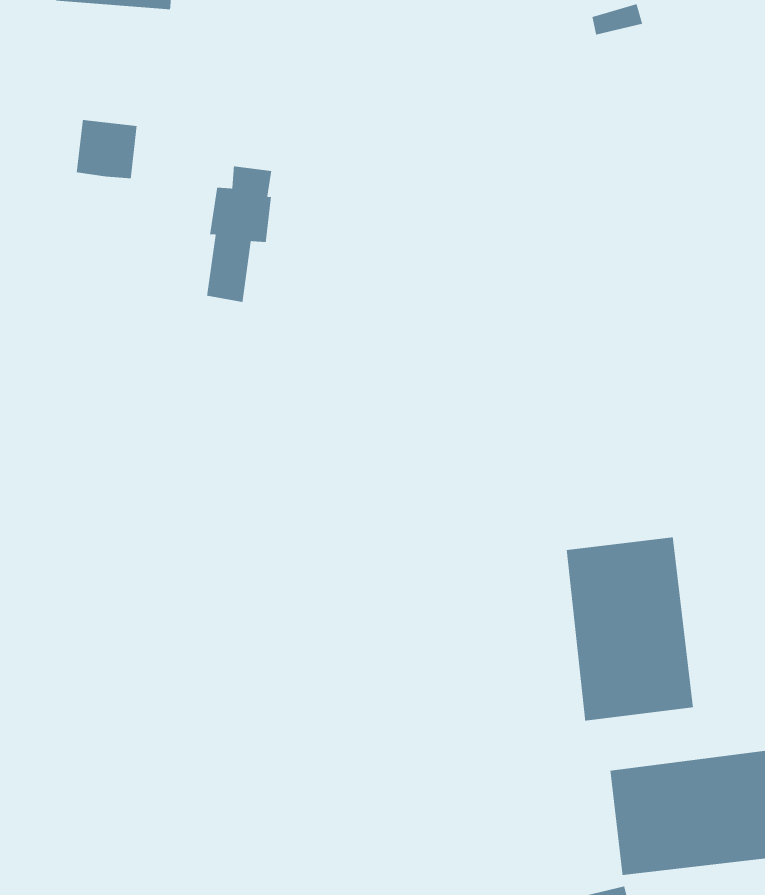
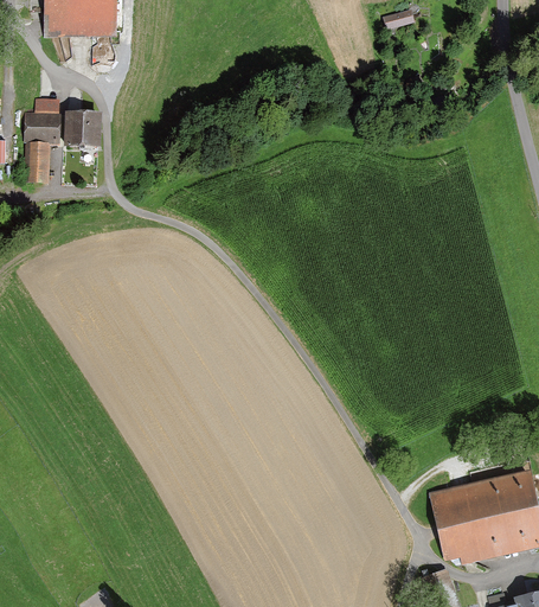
building: [206,166,272,303] -> [24,98,62,185]
building: [566,537,694,721] -> none

